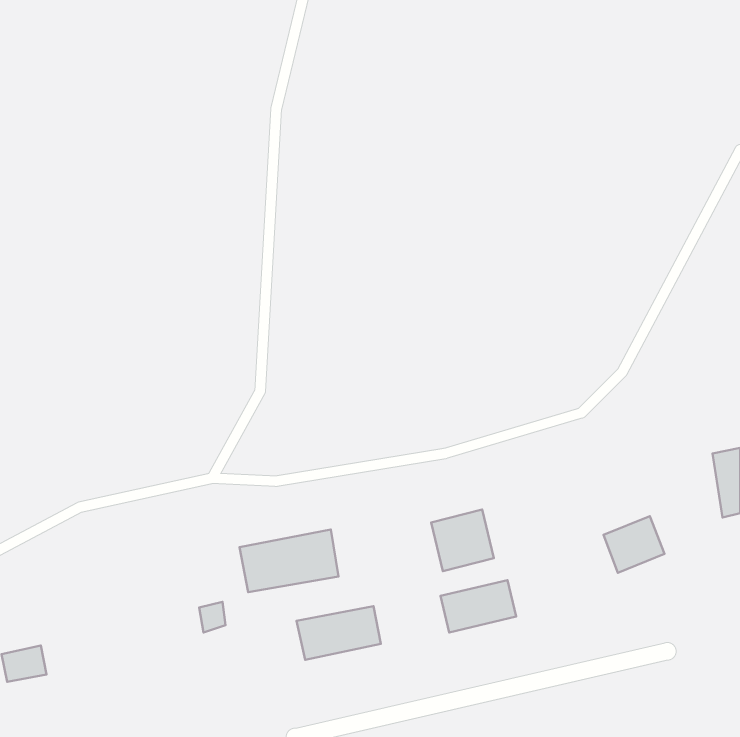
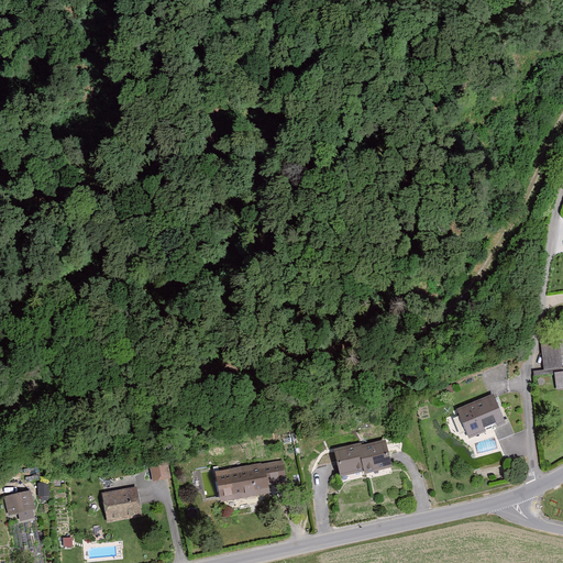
building: [431,509,494,571] -> none
building: [240,529,338,592] -> none
building: none -> [101,486,141,522]

